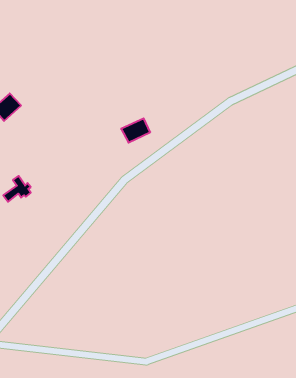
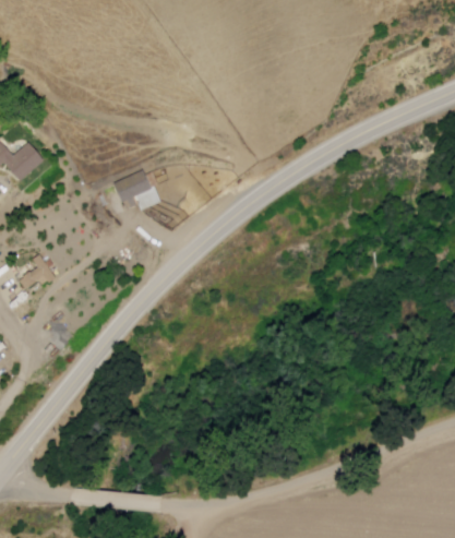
building: [121,118,150,143] -> [112,169,152,202]

